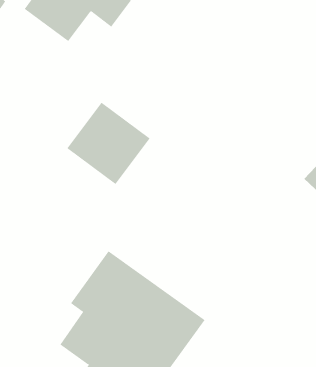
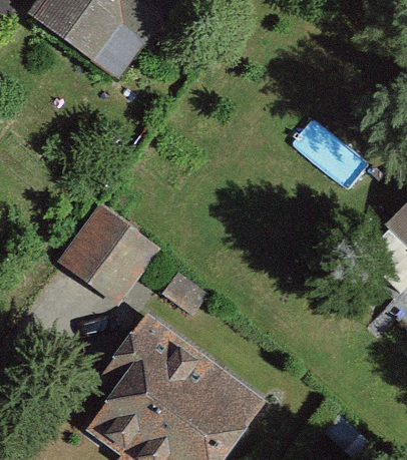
building: [66,102,151,185] -> [56,204,160,307]

